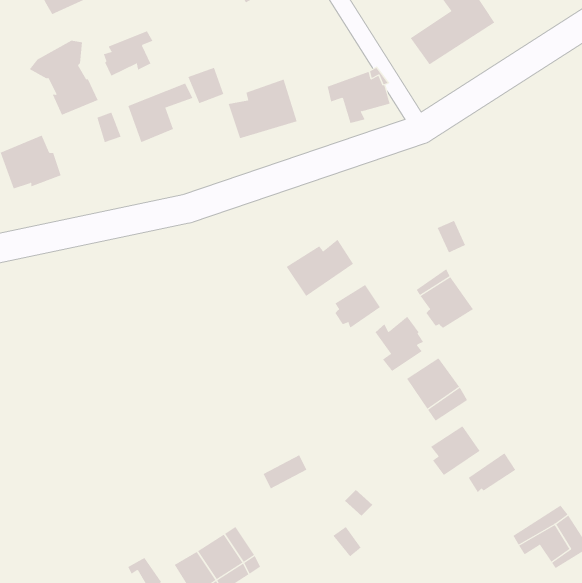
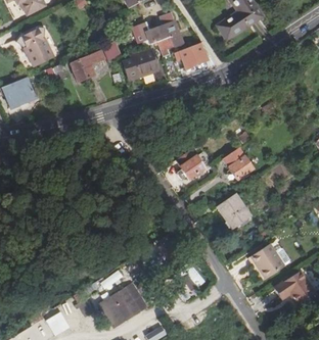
building: [103,30,153,76] -> none
building: none -> [142,21,183,56]
building: [286,239,354,297] -> none
building: [375,316,424,372] -> none
building: [430,426,480,476] -> [258,253,284,280]

